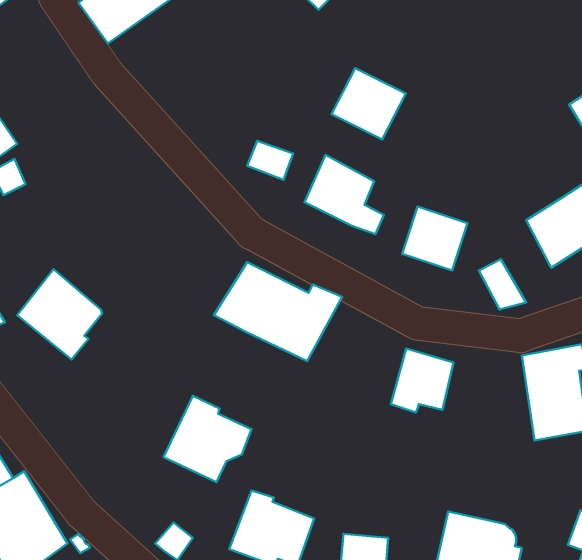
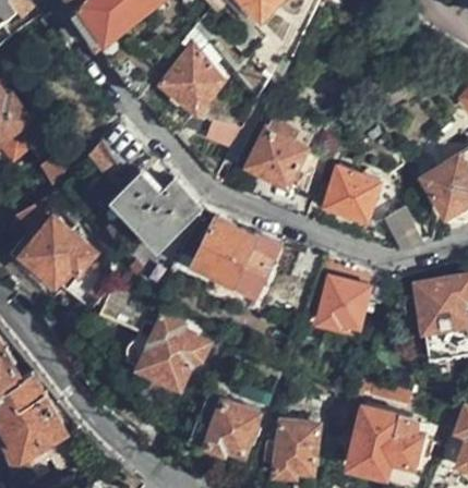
building: none -> [161,48,221,111]
building: [332,68,406,140] -> none
building: none -> [117,175,197,245]

